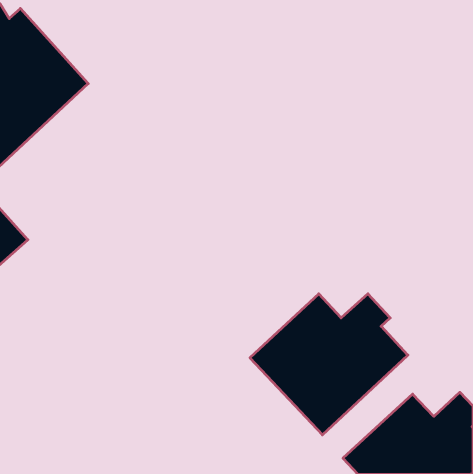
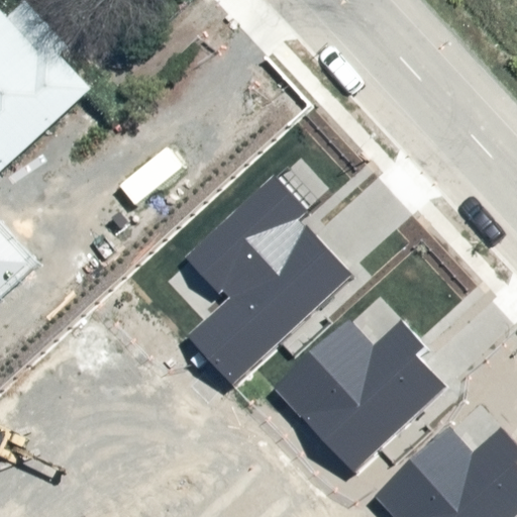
building: none -> [183,173,351,383]

